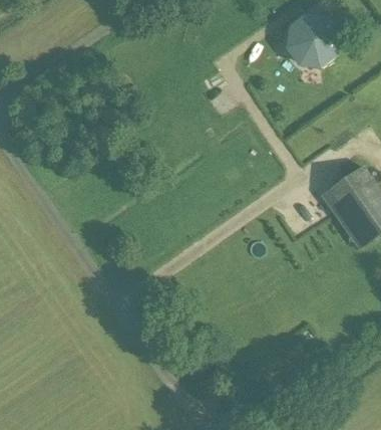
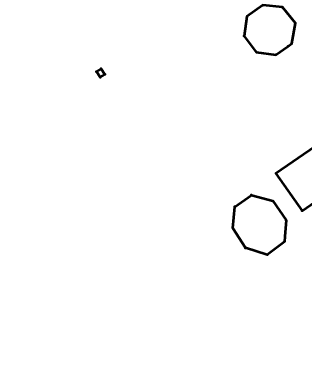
building: none -> [233,195,286,255]

